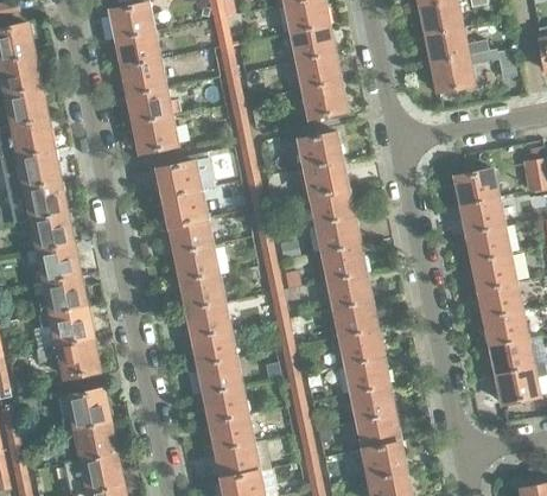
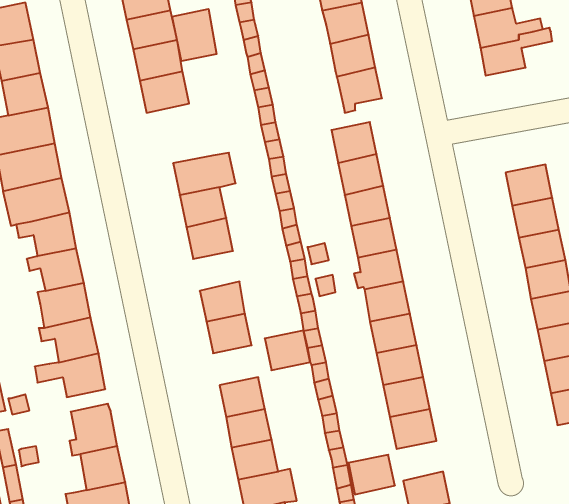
building: none -> [172,9,217,61]
building: [134,115,178,153] -> none
building: [176,246,225,282] -> none
building: [193,331,234,367] -> [265,330,310,370]
building: [357,416,399,452] -> [348,455,395,495]

